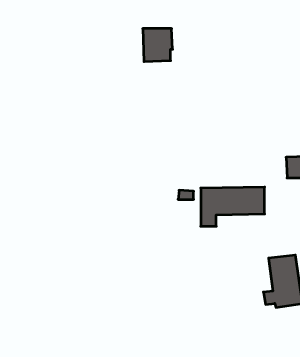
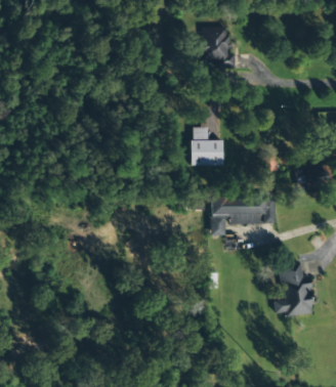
building: [143,29,173,62] -> [201,29,230,61]
building: none -> [193,128,223,166]

